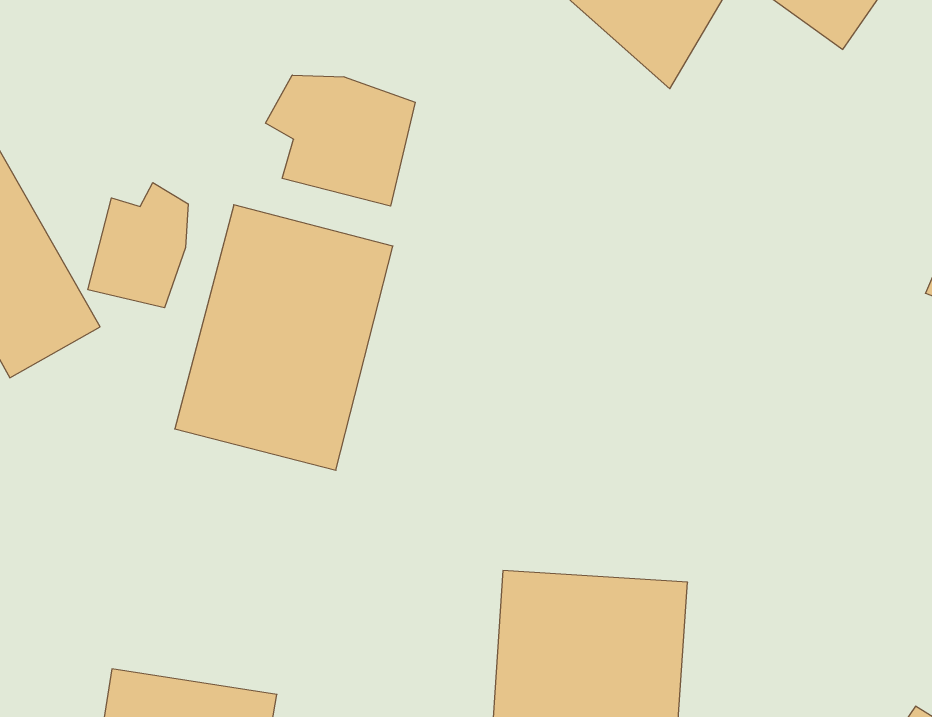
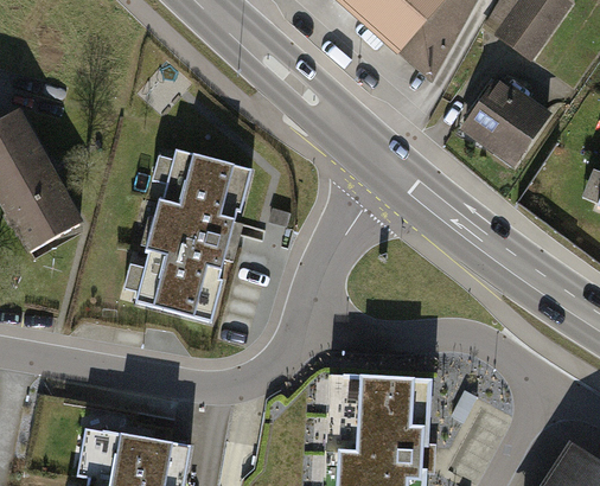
building: none -> [455,73,551,168]
building: [266,75,415,206] -> none
building: [88,183,188,308] -> none

